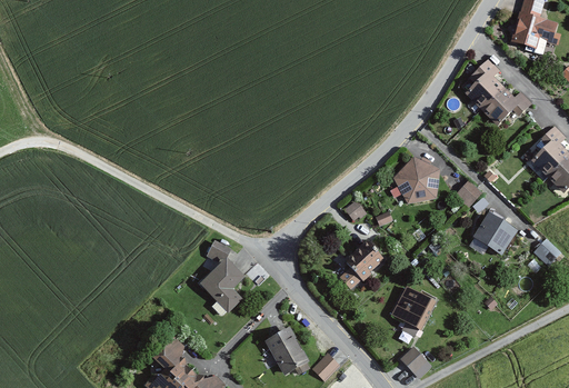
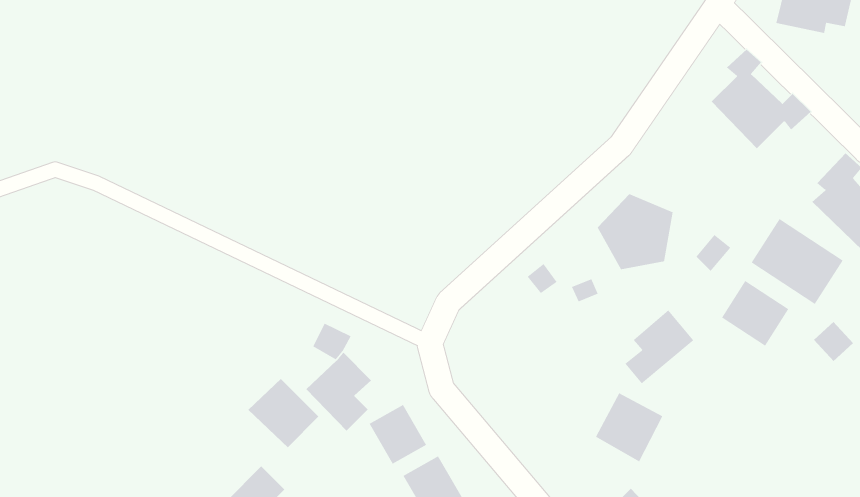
building: none -> [751,218,844,305]
building: [339,240,385,289] -> [624,309,694,384]
building: none -> [248,378,319,448]
building: none -> [369,404,427,464]

